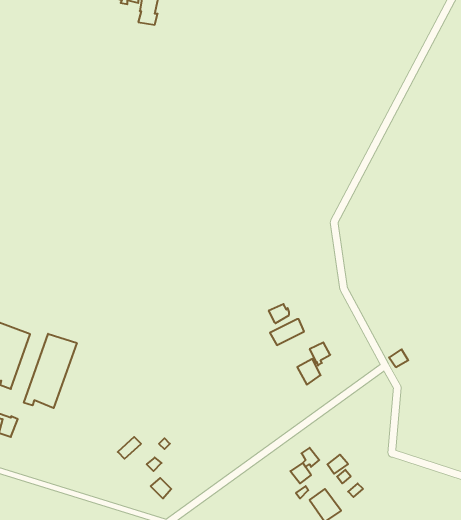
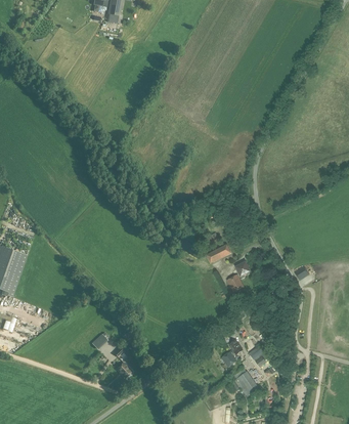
building: [24,334,77,408] -> none

